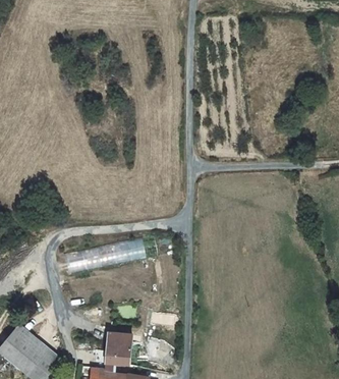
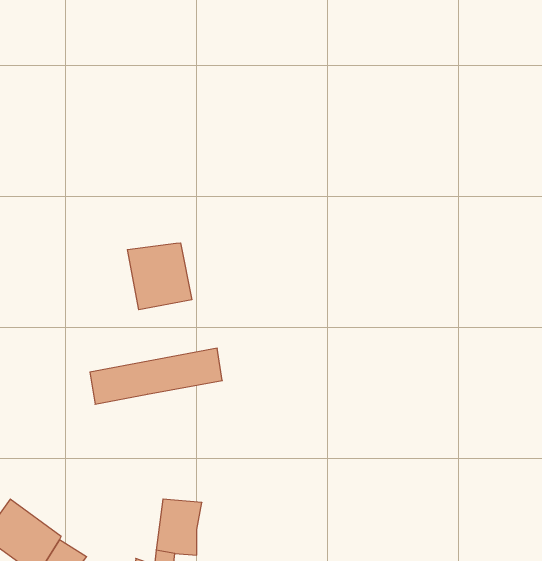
building: none -> [127,243,192,310]

